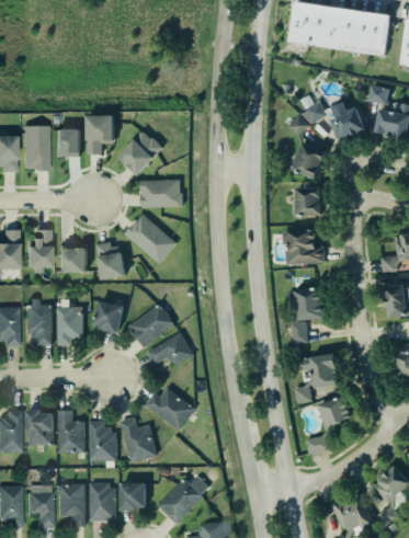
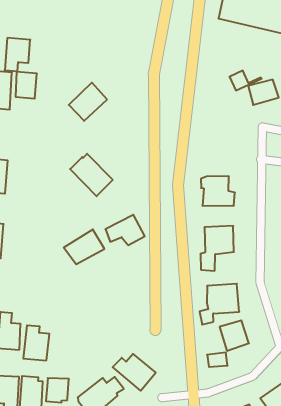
building: [286,114,325,178] -> none
building: [87,116,114,154] -> [5,38,30,71]
building: [140,179,182,206] -> none
building: [294,187,320,215] -> none
building: [96,242,125,279] -> none
building: [59,245,87,273] -> none
building: [93,300,124,332] -> none
building: [56,307,82,345] -> none
building: [146,331,193,367] -> [105,215,145,245]
building: [143,387,194,430] -> [113,354,156,391]
building: [117,416,155,461] -> none

